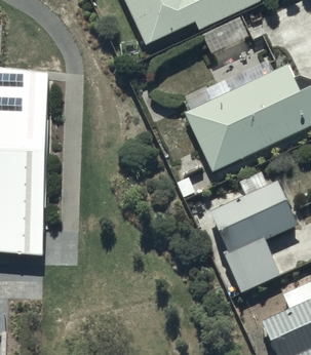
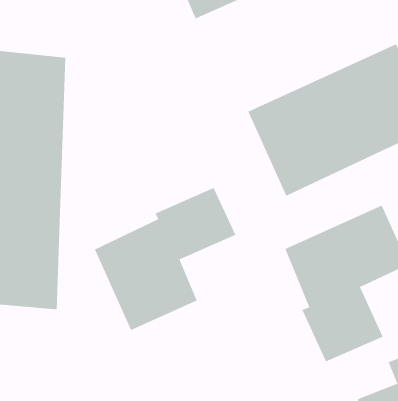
building: none -> [94,187,236,331]

